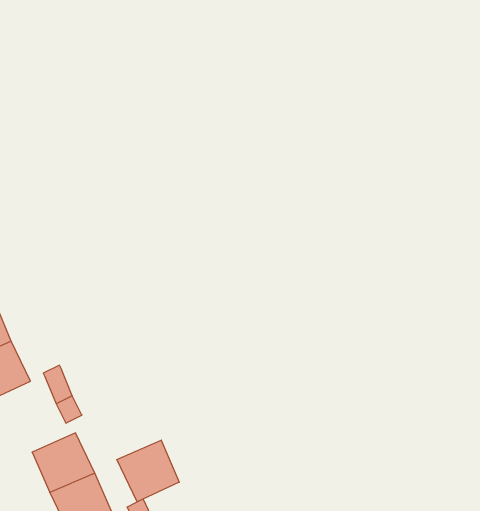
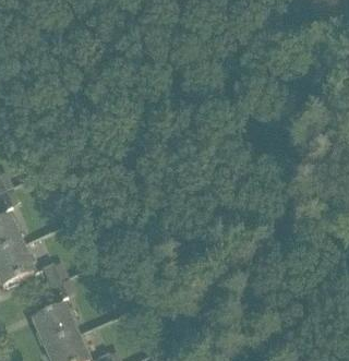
building: [117,440,179,502] -> none

